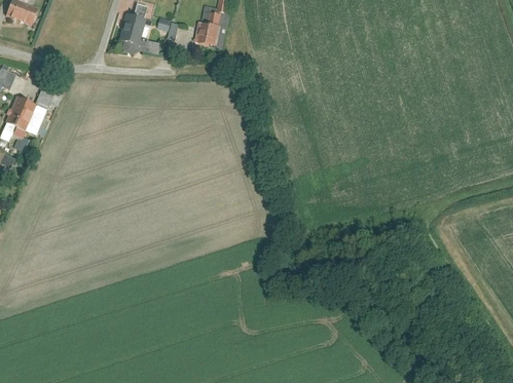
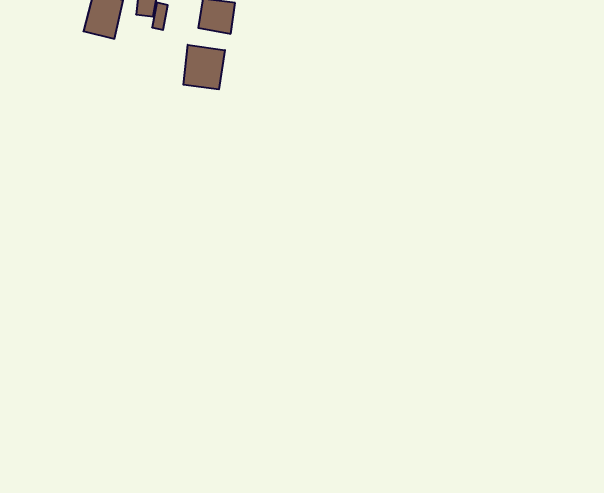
building: none -> [183,45,225,89]

